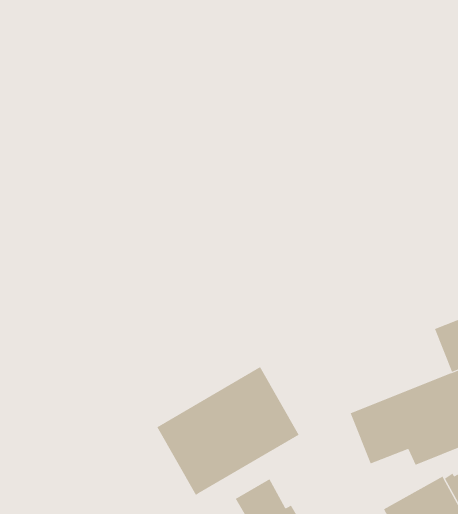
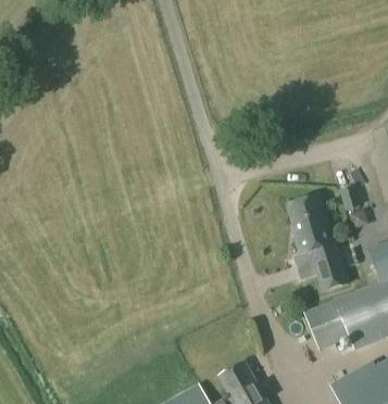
building: none -> [288,195,348,292]
building: [156,366,299,496] -> none

